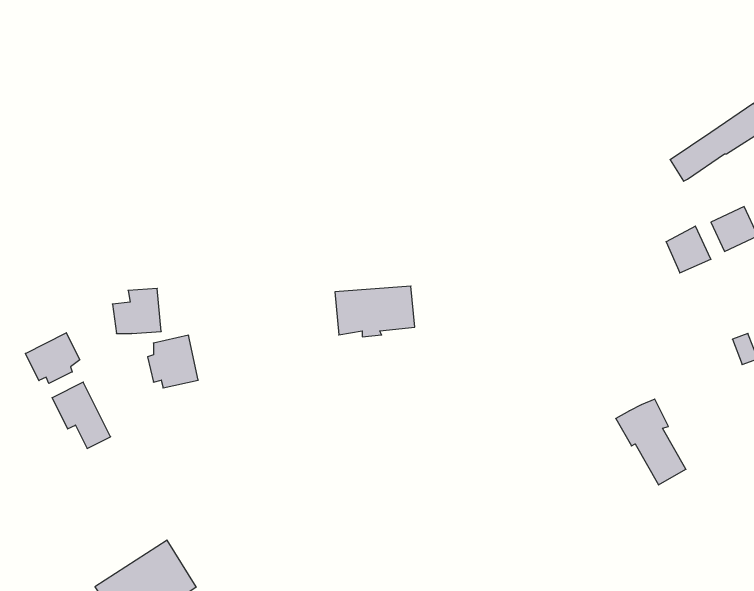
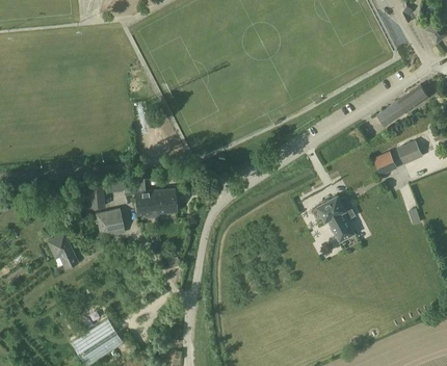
building: [335,286,415,337] -> [134,189,177,216]
building: [25,333,80,383] -> none
building: [616,399,686,485] -> [317,197,354,242]

